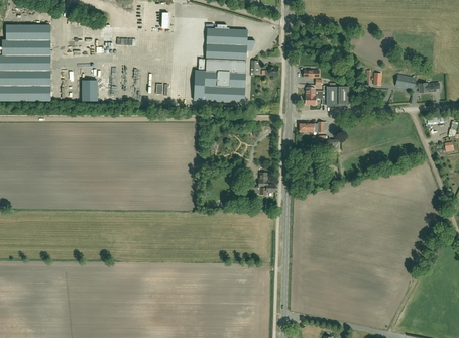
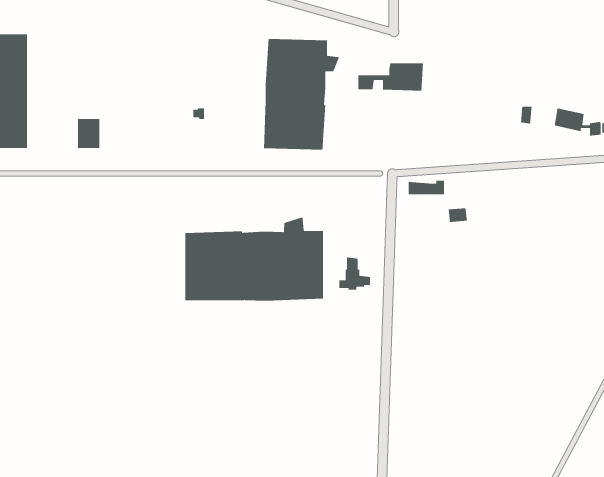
building: [306,85,349,104] -> [358,62,424,92]
building: none -> [185,216,324,301]

